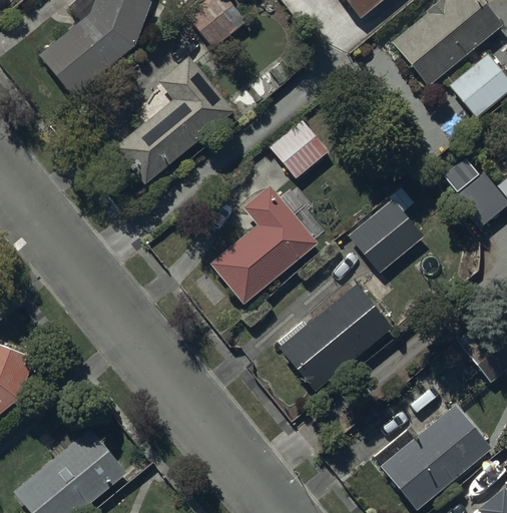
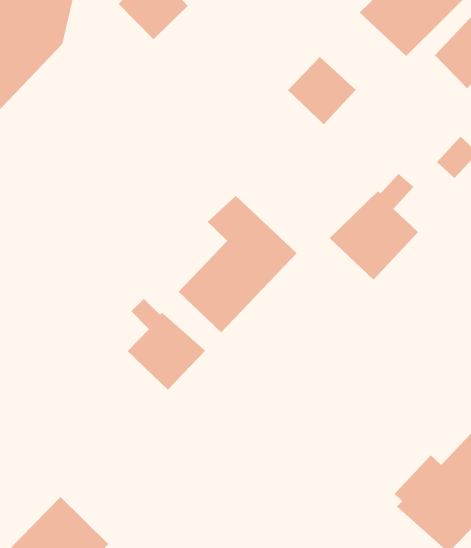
building: [114,56,234,184] -> none
building: [270,120,329,179] -> [287,56,357,125]
building: none -> [127,298,206,391]
building: [278,284,391,391] -> none

